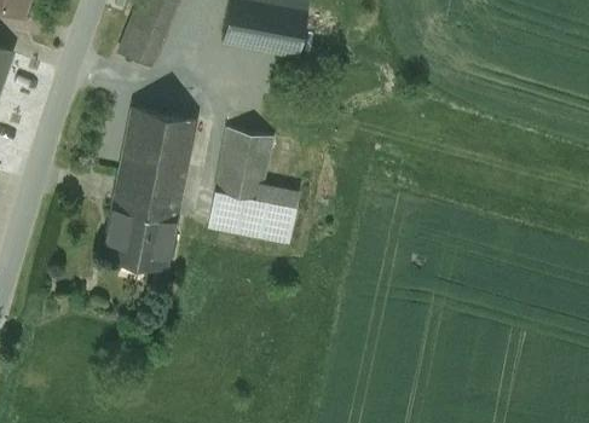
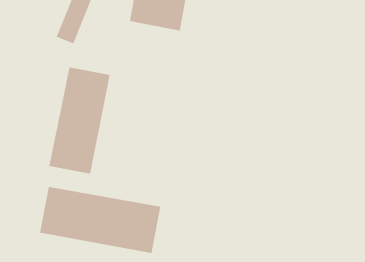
building: [208,128,299,242] -> none
building: none -> [40,186,161,254]

